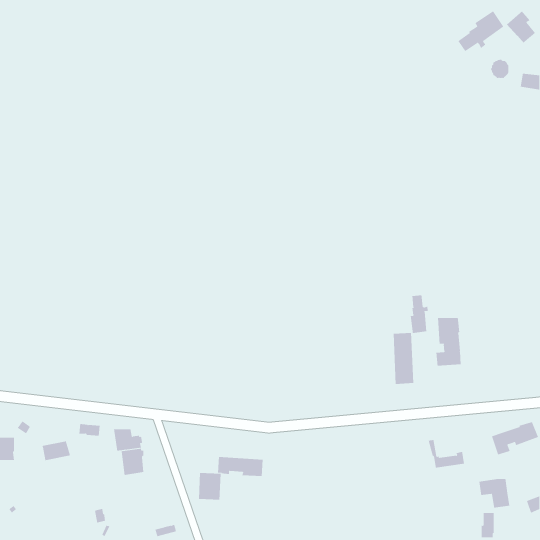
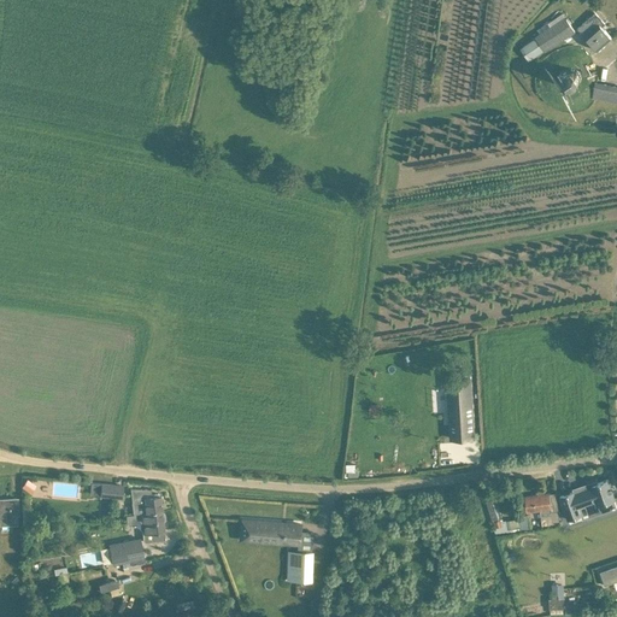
building: [410,295,428,334] -> none
building: [436,317,461,367] -> none
building: [41,441,71,461] -> [108,540,142,563]
building: [198,473,221,500] -> [287,551,313,582]
building: [479,478,510,508] -> [524,493,560,527]

